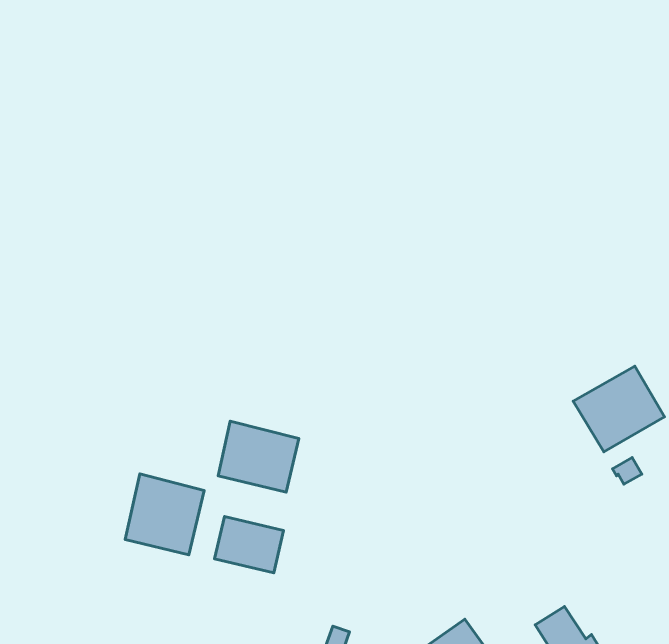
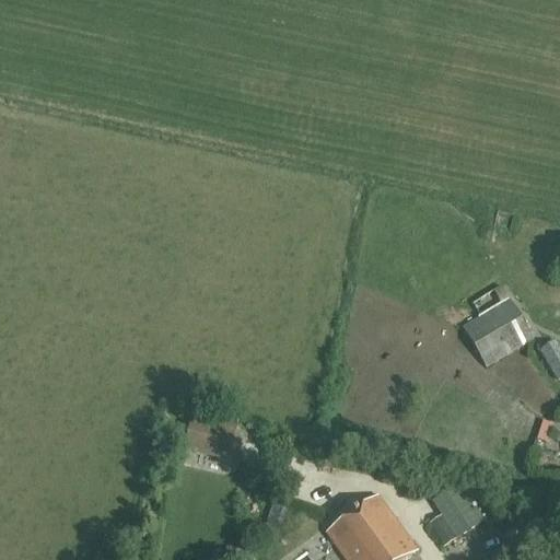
building: [218,421,299,492] -> none
building: [125,474,204,555] -> none

